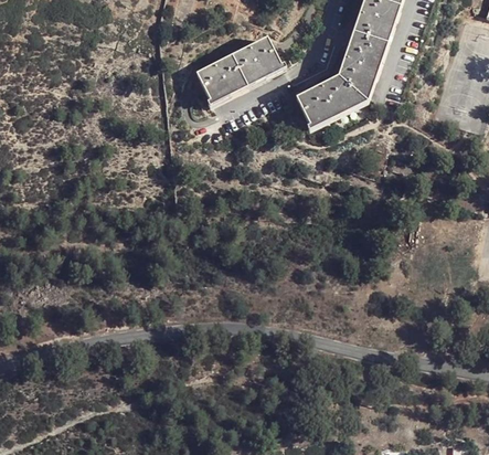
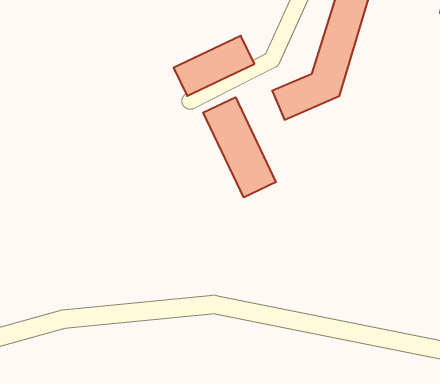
building: none -> [203,97,276,197]

